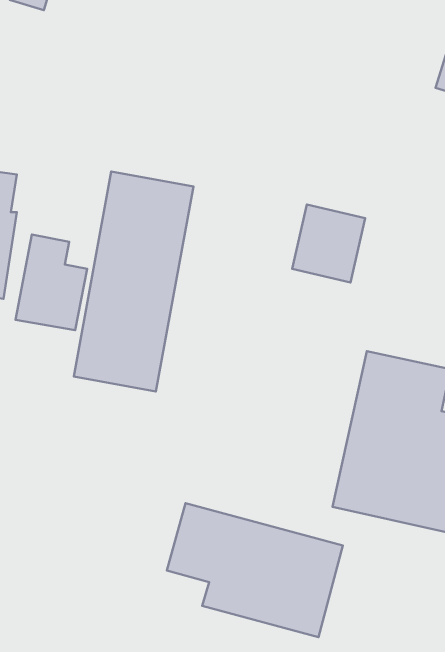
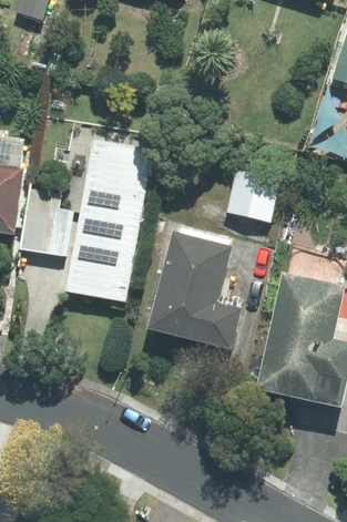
building: none -> [147,232,239,348]
building: [167,503,343,637] -> none

